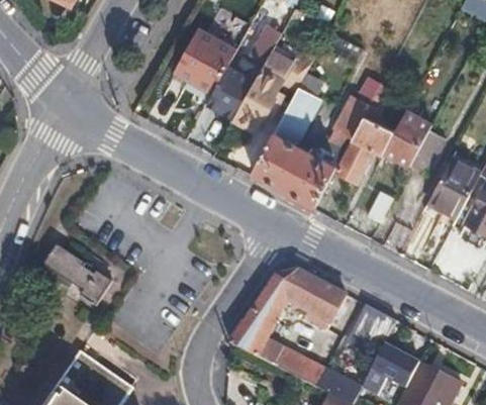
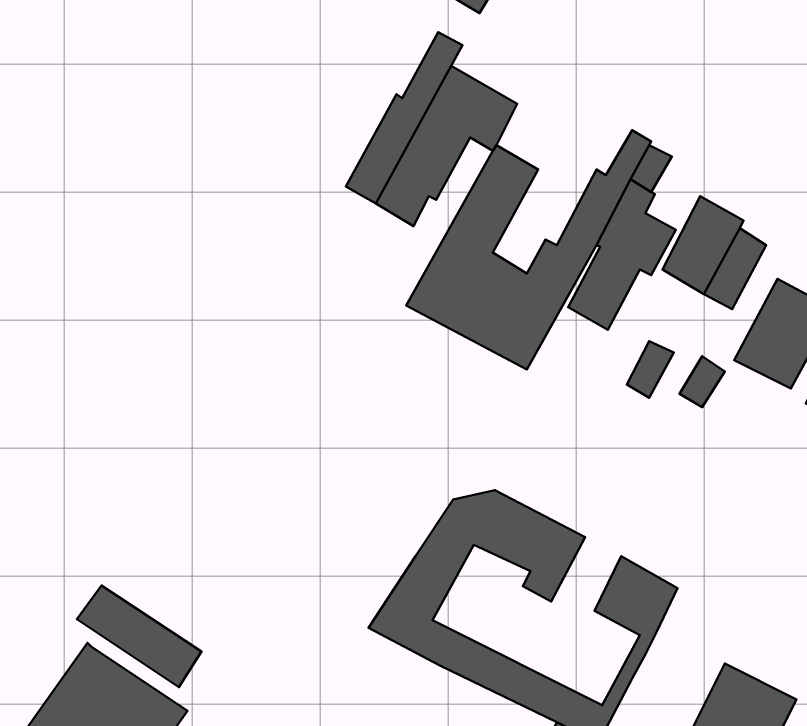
building: [175,27,236,91] -> none
building: [42,246,109,301] -> [77,585,201,687]
building: [371,345,418,389] -> none

